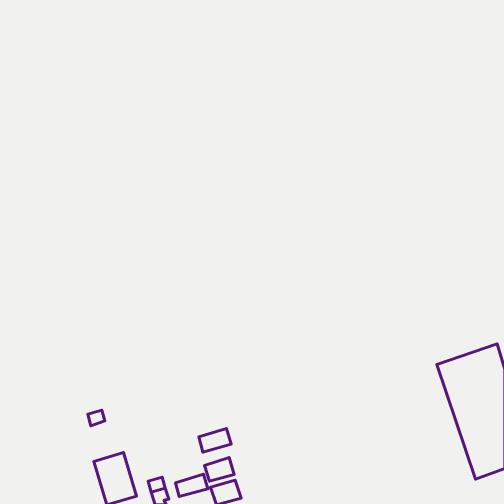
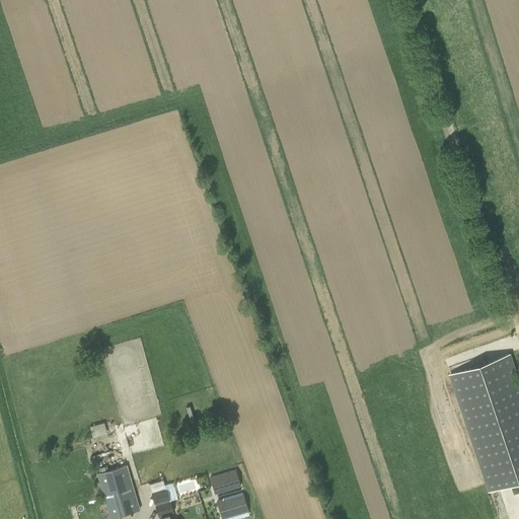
building: [199,428,231,452] -> none
building: [175,474,208,497] -> none

